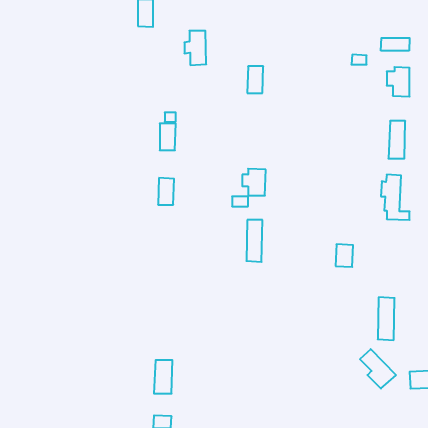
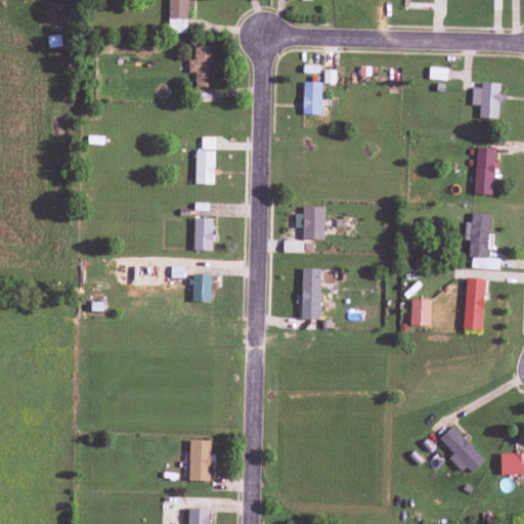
building: [184,31,206,65] -> [189,45,216,87]
building: [381,38,410,51] -> none
building: none -> [192,273,213,301]
building: [378,297,395,340] -> [465,277,485,330]

